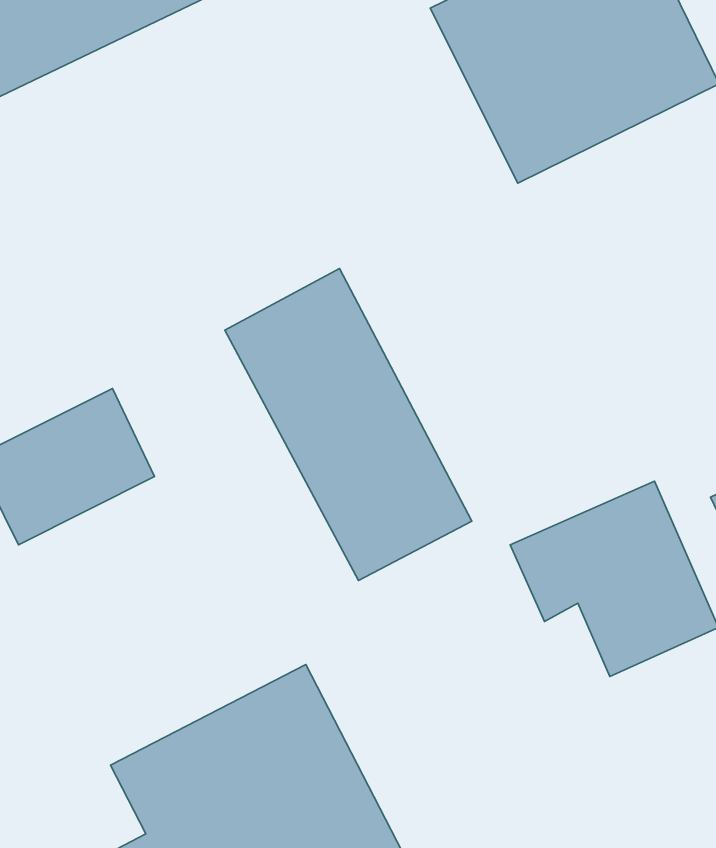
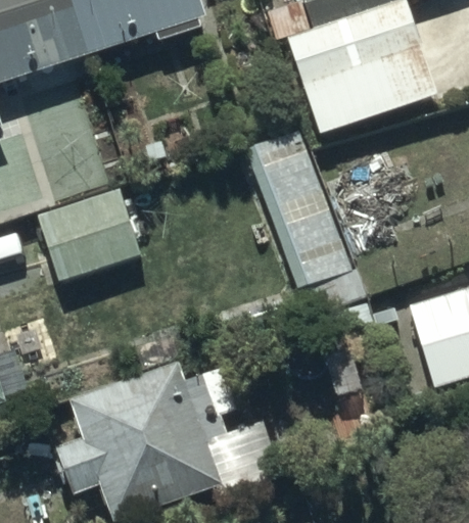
building: [225,269,472,581] -> [245,122,359,283]

